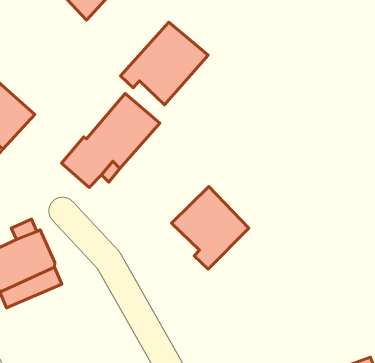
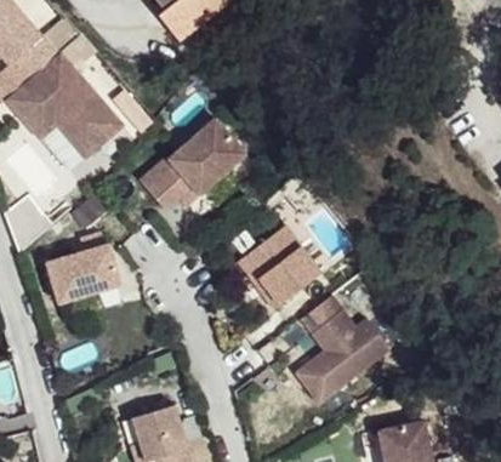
building: [121,22,208,105] -> none
building: none -> [295,296,388,403]

